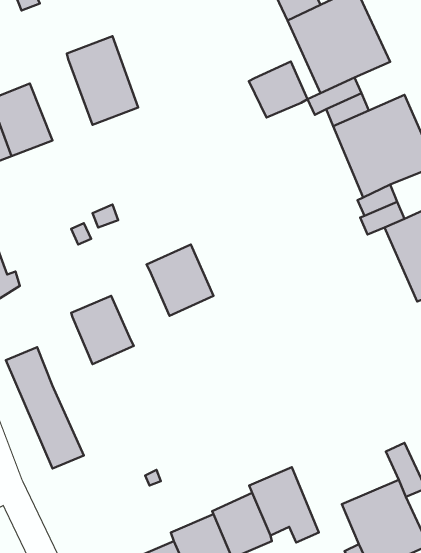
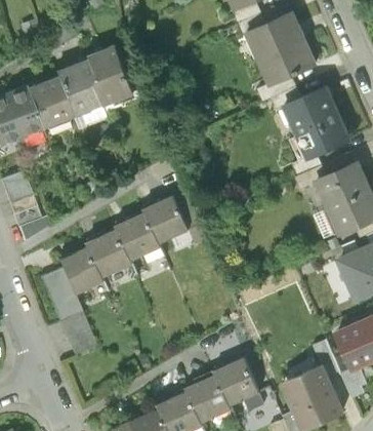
building: none -> [54,63,101,121]
building: [249,62,308,118] -> none
building: none -> [113,214,158,265]
building: none -> [57,248,107,298]

